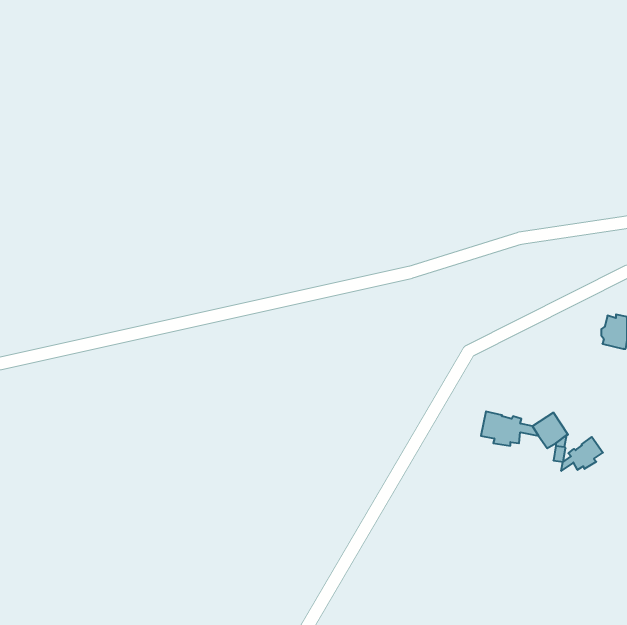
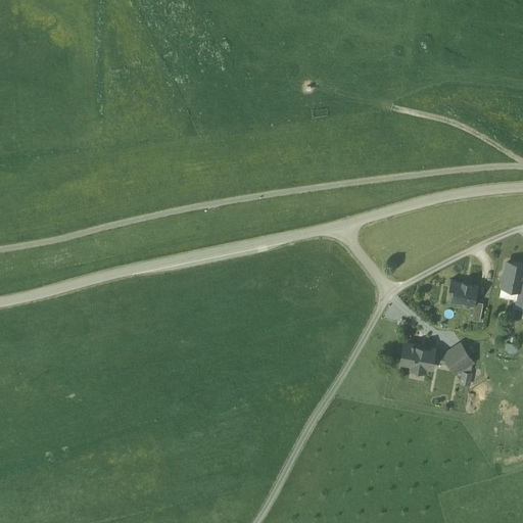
building: none -> [449,281,478,306]
building: [561,437,603,471] -> none

